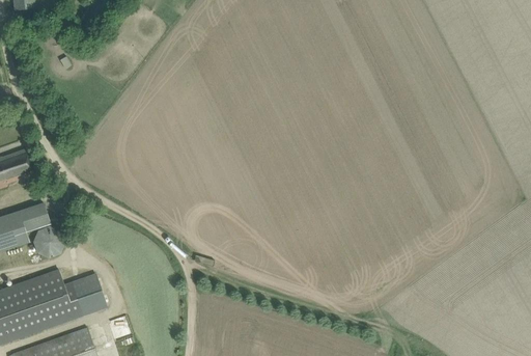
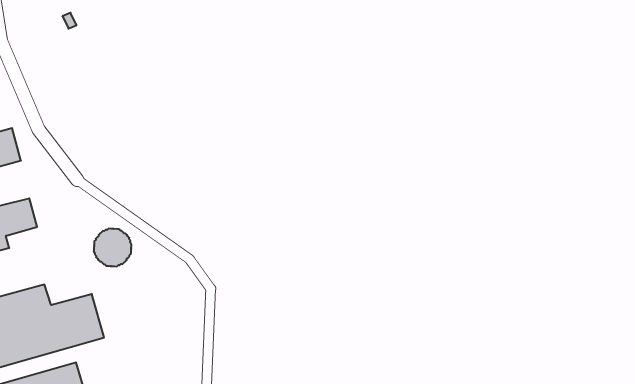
building: [34,227,63,256] -> [94,229,131,266]

